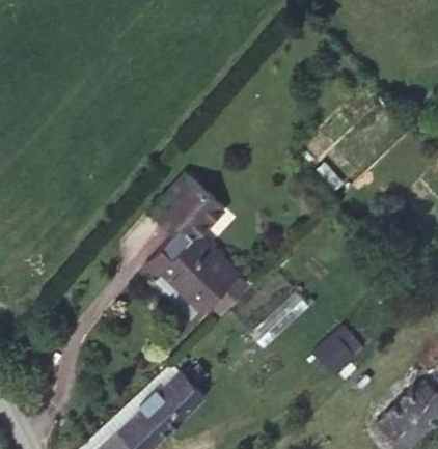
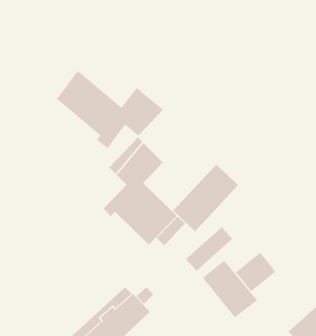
building: none -> [56,70,164,149]
building: none -> [173,164,239,232]
building: none -> [202,260,258,318]

